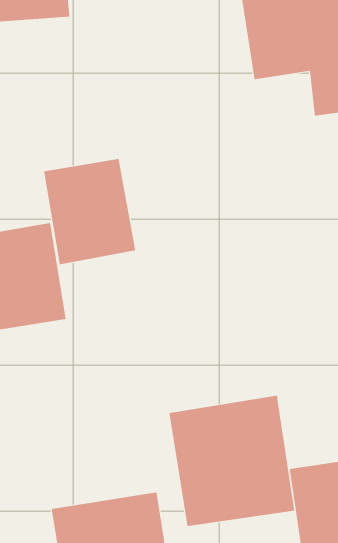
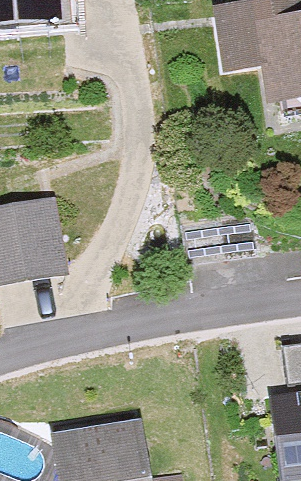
building: [43,158,136,265] -> none
building: [169,395,295,527] -> none

